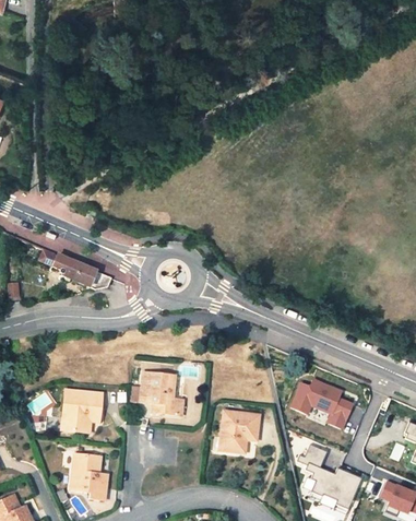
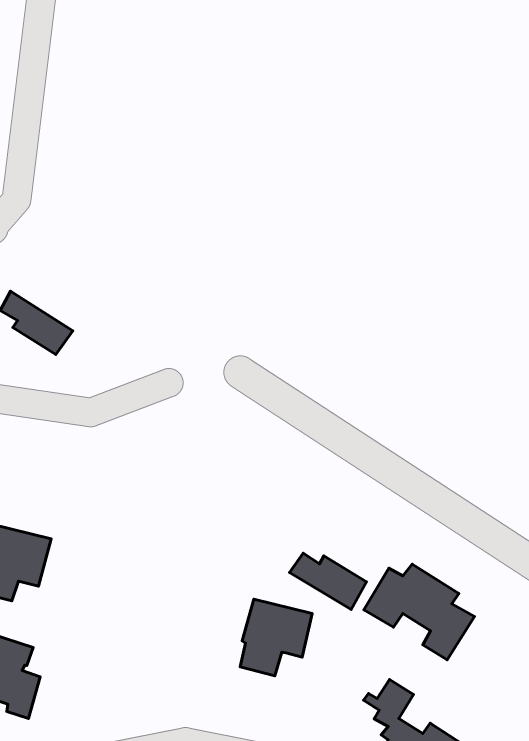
building: [141,372,182,415] -> none
building: none -> [290,553,366,609]

